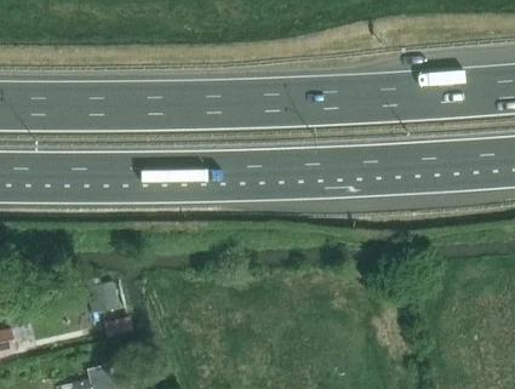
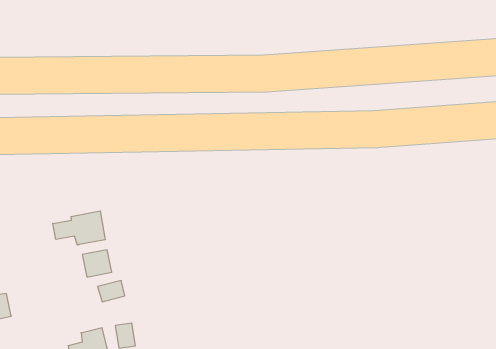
building: none -> [53,211,105,245]

